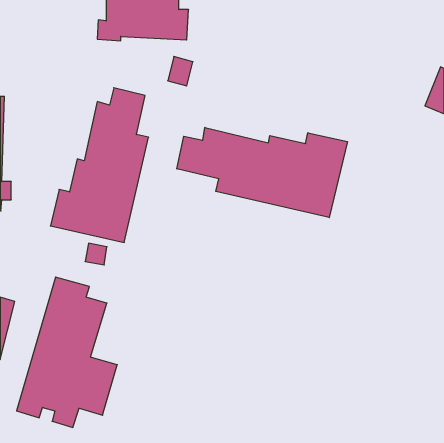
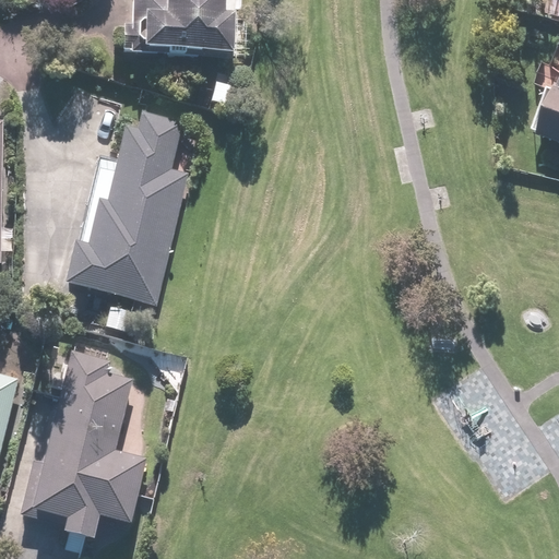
building: [177,127,347,218] -> none

